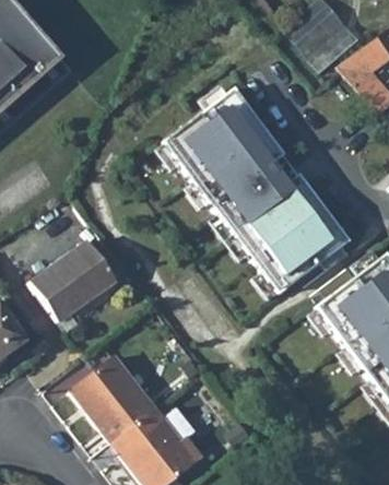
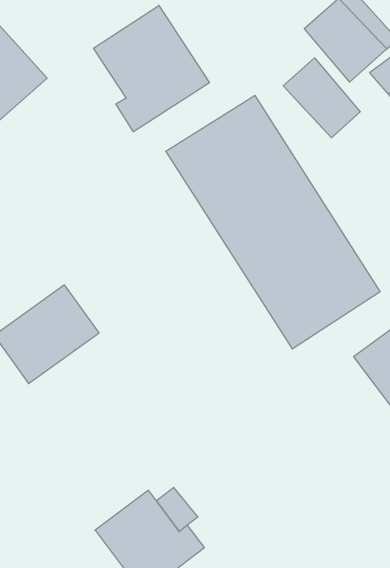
building: none -> [94,5,209,132]
building: none -> [283,58,360,138]
building: [70,357,154,442] -> none

